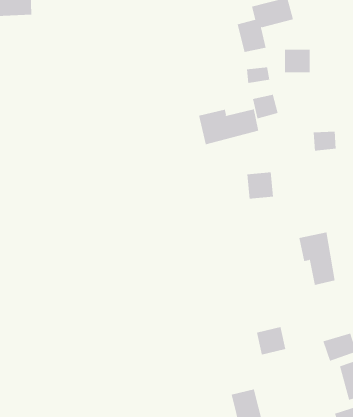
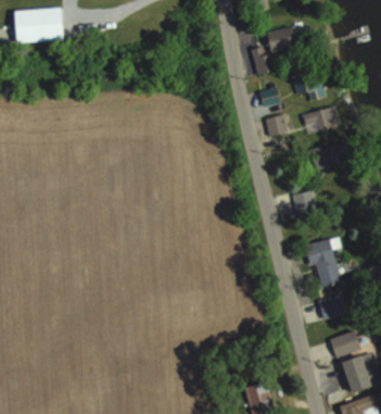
building: none -> [300,106,333,135]
building: [199,109,259,145] -> none
building: [246,172,274,199] -> [292,190,317,215]
building: [256,327,286,355] -> [318,294,345,321]

